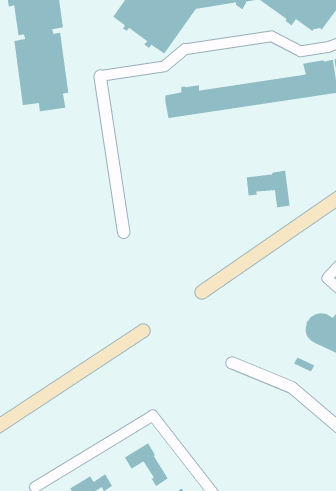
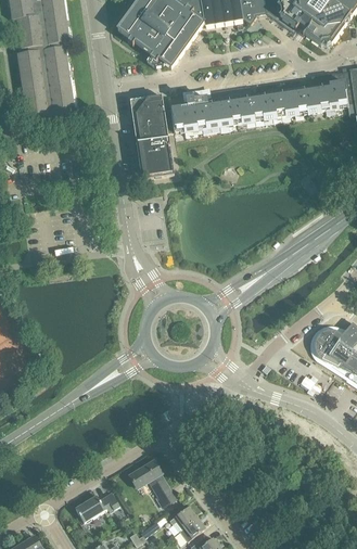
building: none -> [130,95,175,179]
building: [246,170,291,208] -> none

